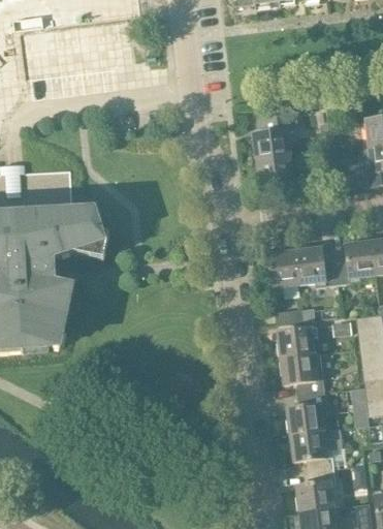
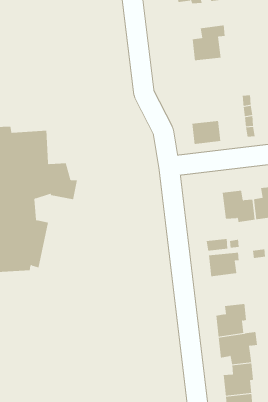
building: [252,115,295,161] -> [192,25,225,61]
building: [267,250,298,293] -> none
building: [280,353,324,396] -> none

